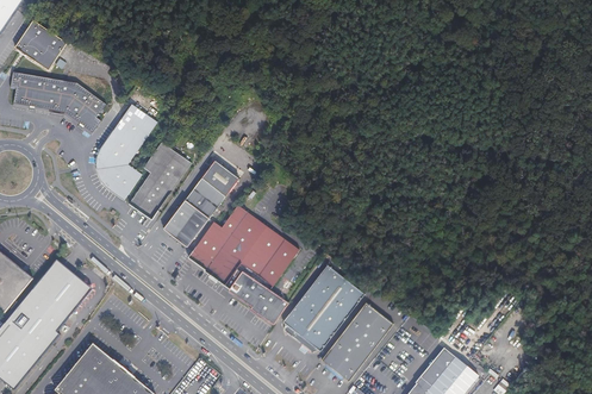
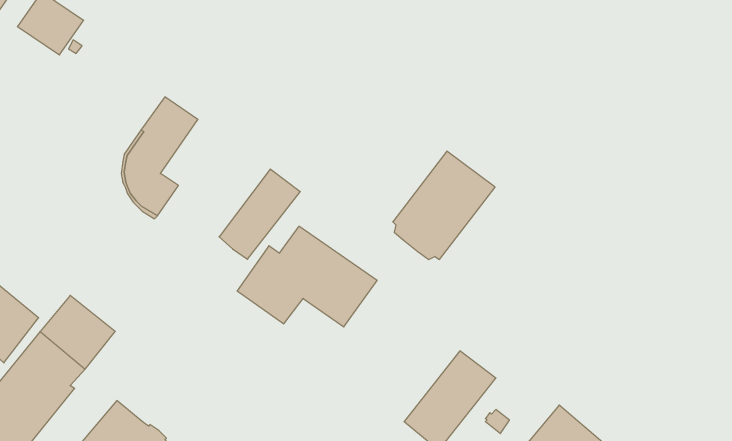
building: [11,71,105,130] -> none
building: [129,140,192,218] -> none
building: [163,213,197,245] -> none
building: [283,265,364,351] -> [393,151,495,259]
building: [229,270,288,323] -> none

